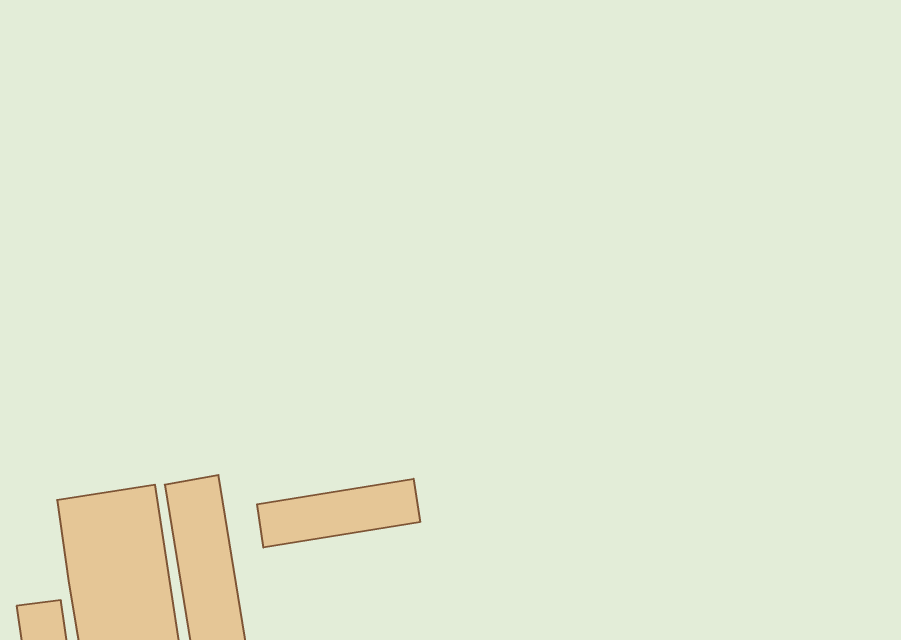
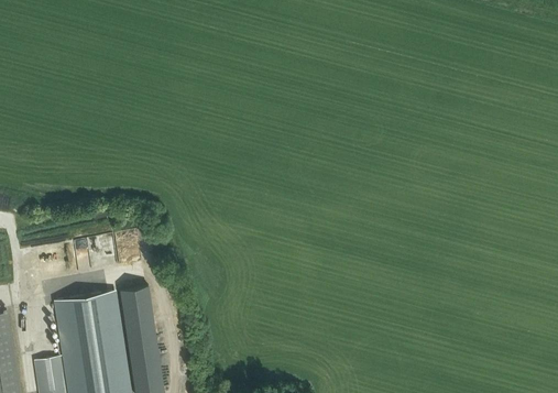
building: [257,479,420,548] -> none

